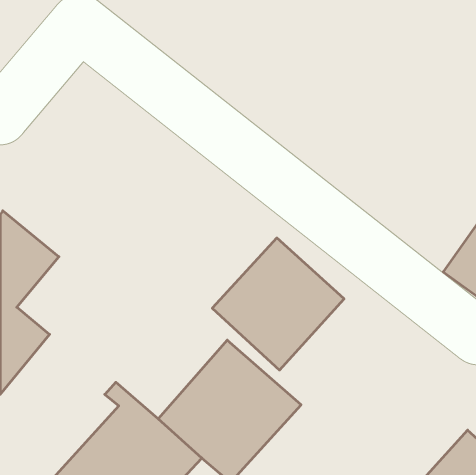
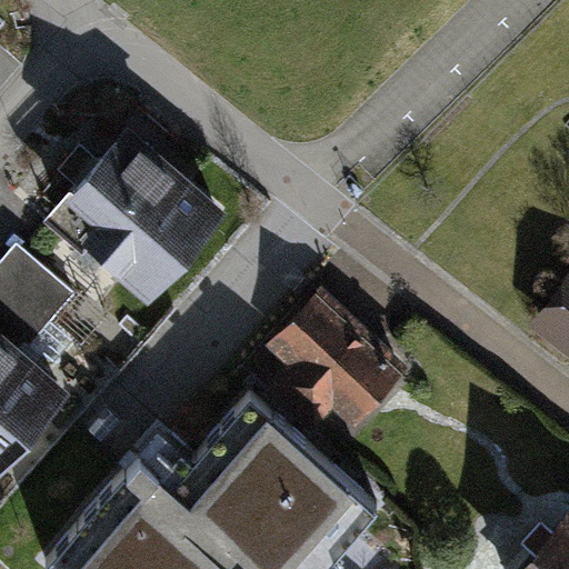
building: none -> [42,134,222,312]

